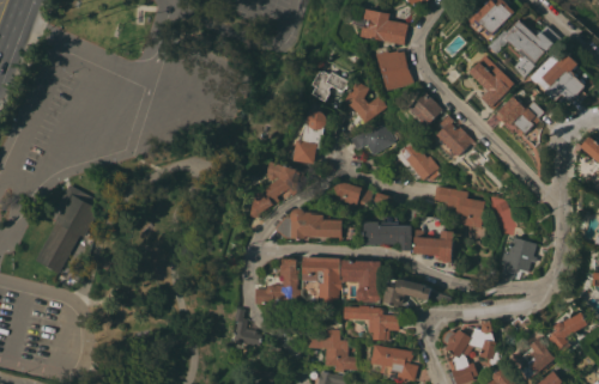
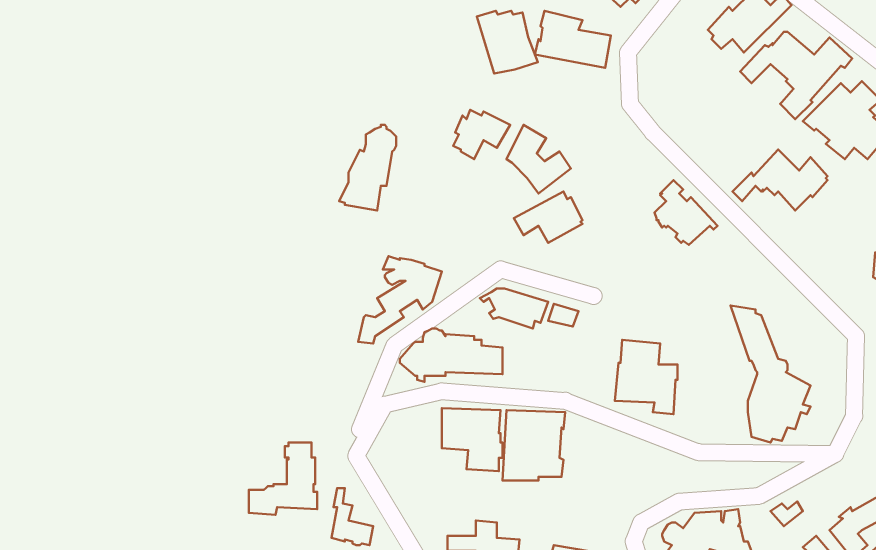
building: [377,50,416,90] -> [477,11,538,73]
building: [472,55,519,120] -> none
building: [410,91,443,127] -> none
building: [289,110,325,164] -> [339,125,396,211]
building: [399,142,437,181] -> none
building: [34,184,98,273] -> none
building: [434,187,483,227] -> none
building: [361,217,410,250] -> none
building: [256,258,300,304] -> [249,442,317,515]
building: [383,279,430,306] -> none
building: [344,305,398,340] -> none

